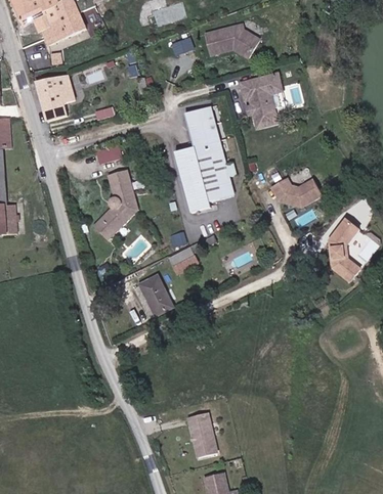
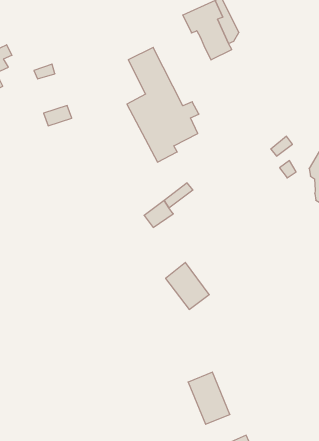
building: [93,168,138,239] -> none
building: [268,177,321,208] -> none
building: [134,274,171,317] -> [166,262,209,309]

